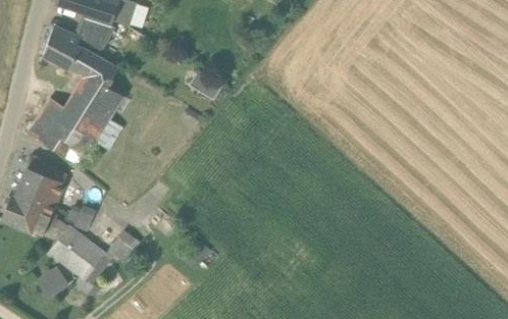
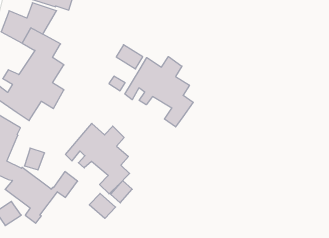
building: none -> [125,57,193,127]
building: none -> [66,123,130,194]
building: none -> [89,193,116,218]

